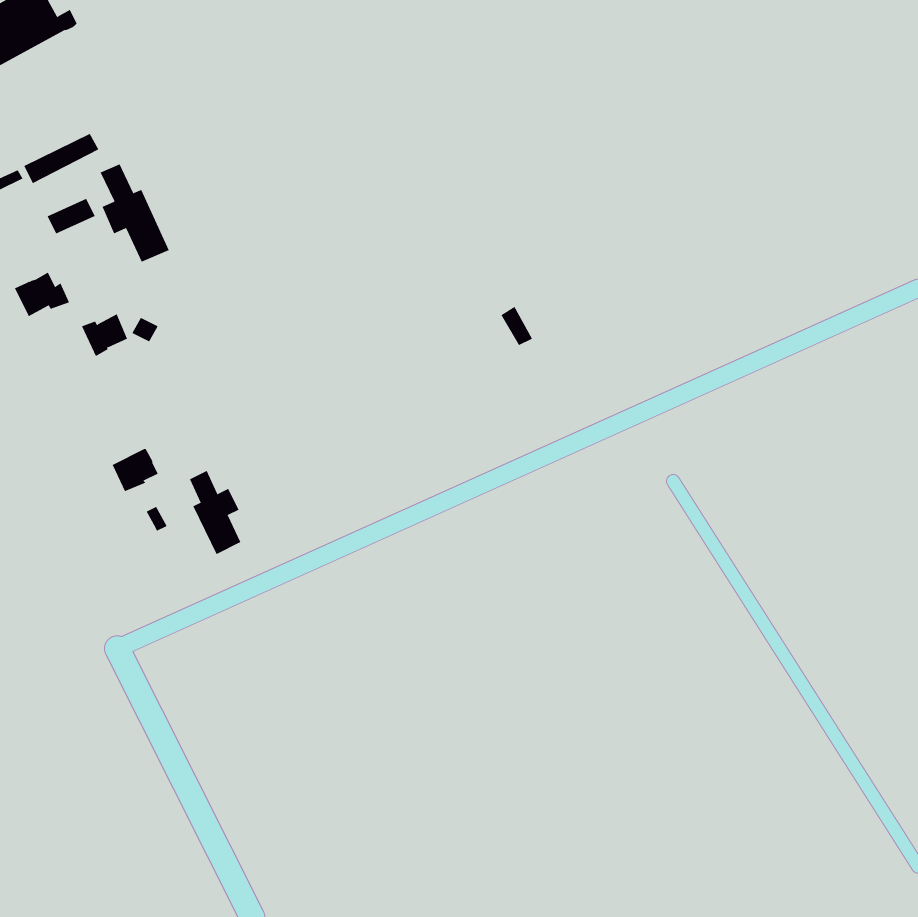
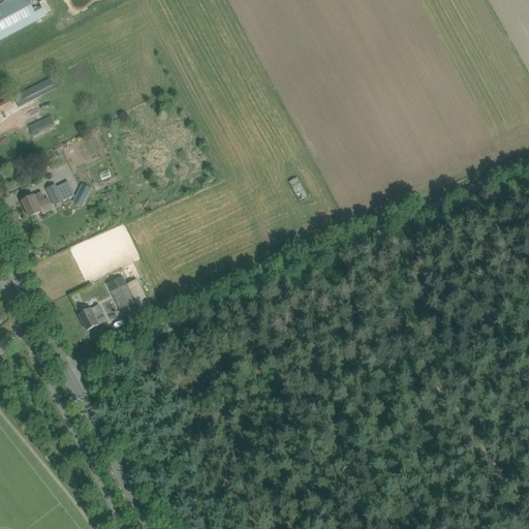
building: [100,164,169,263] -> none
building: [14,272,70,317] -> [21,190,53,216]
building: [112,448,159,492] -> [79,304,105,329]

